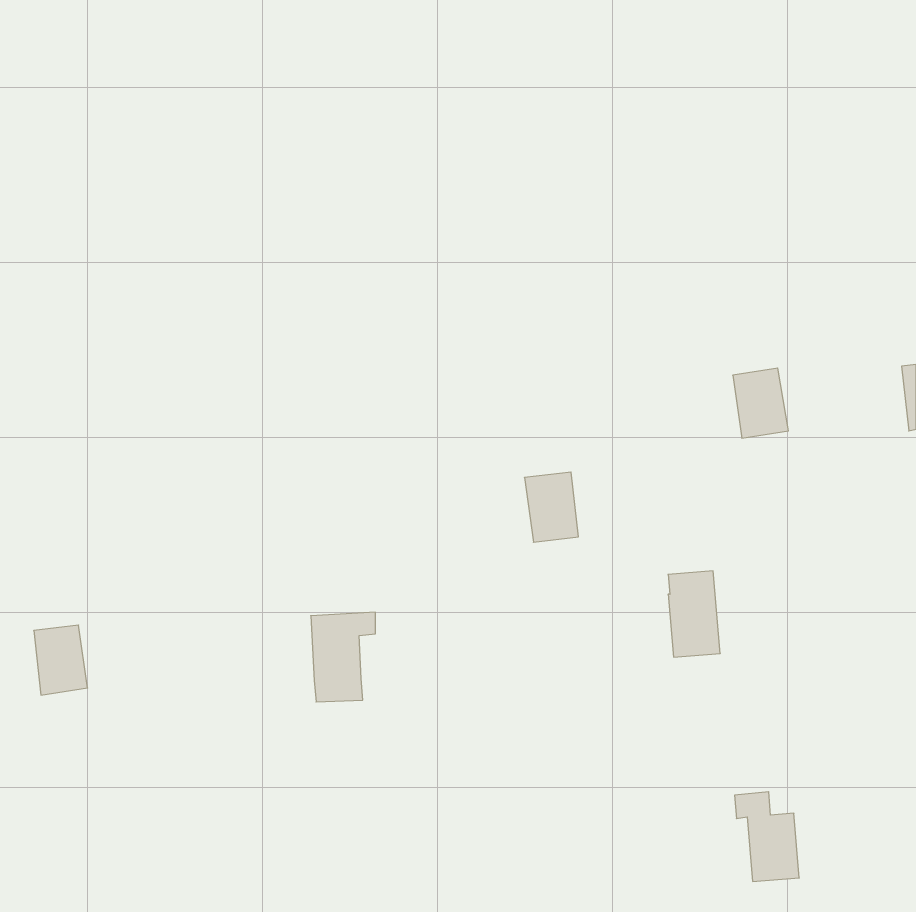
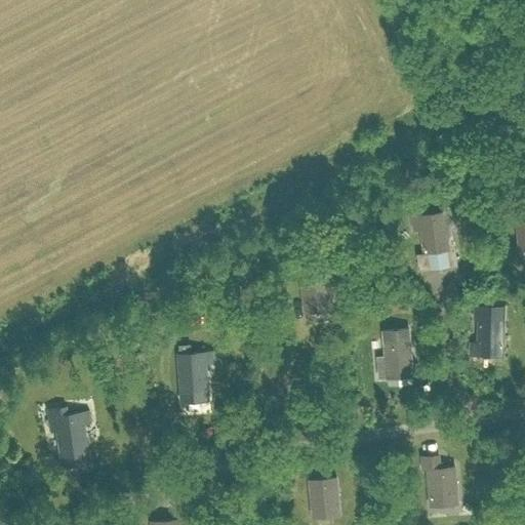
building: none -> [477,320,502,356]
building: [34,625,88,695] -> [53,414,84,454]
building: none -> [309,479,338,518]

